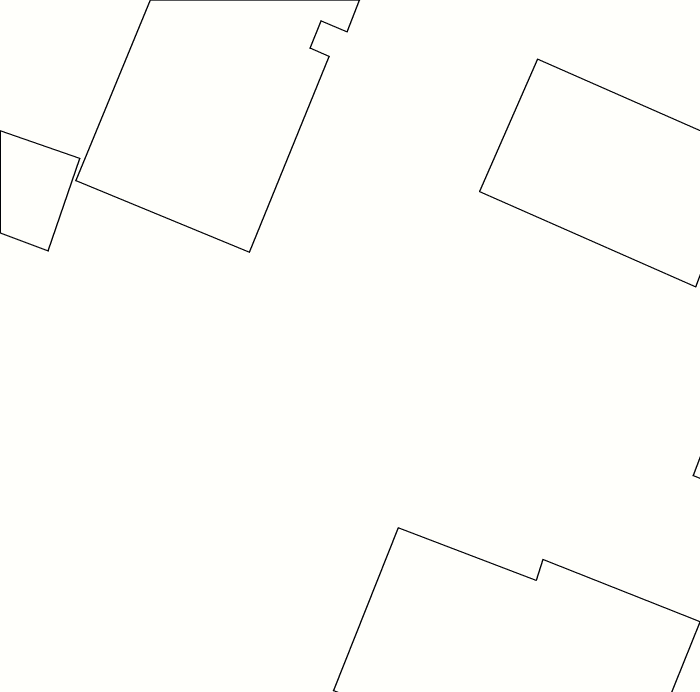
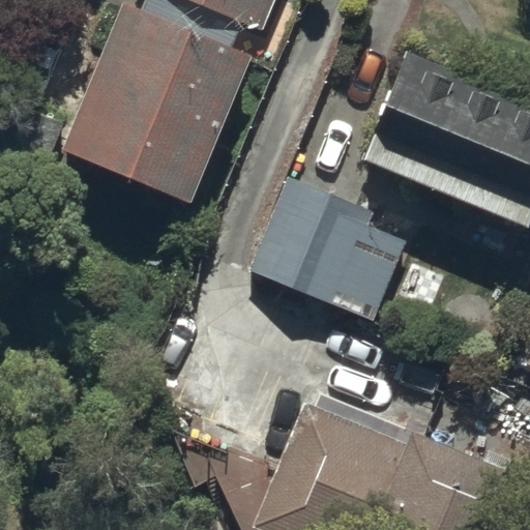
building: none -> [251,180,408,325]

